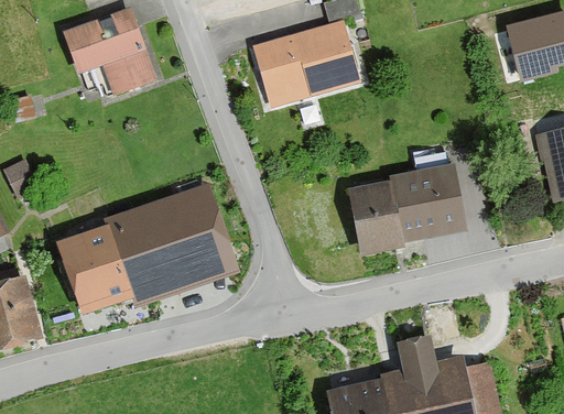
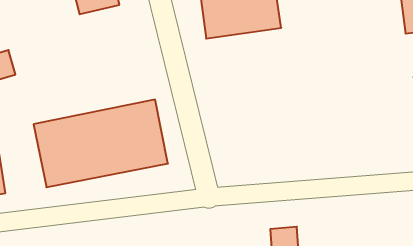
building: [329,163,464,252] -> none

